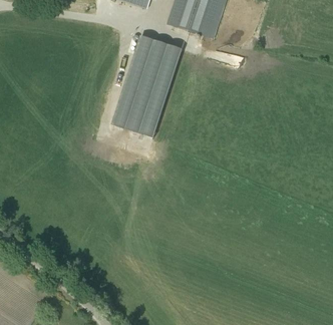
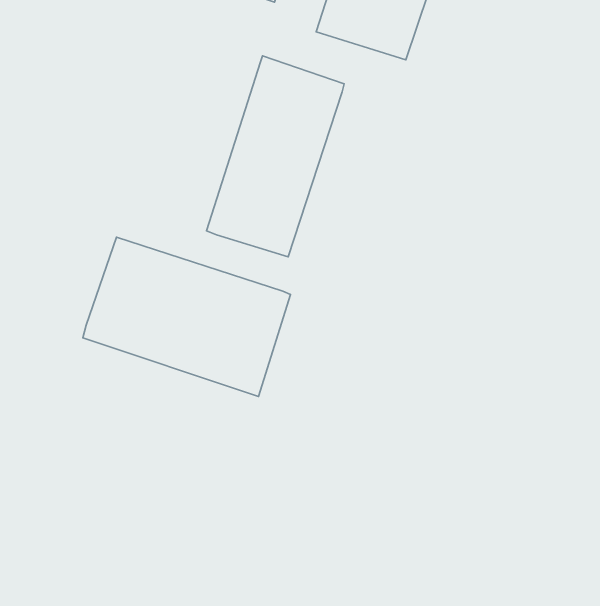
building: none -> [83,237,290,397]

